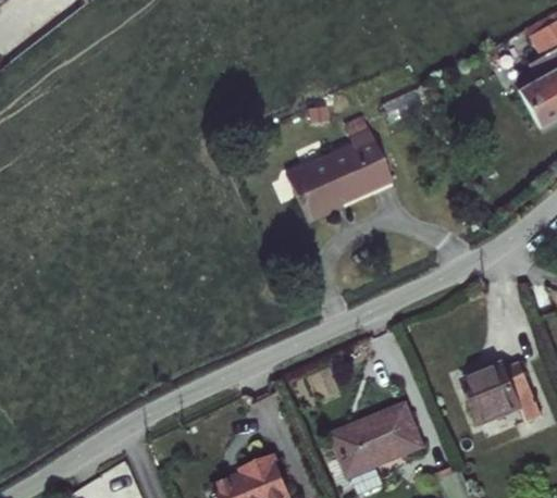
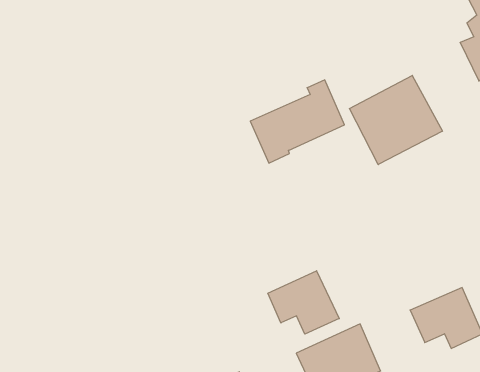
building: none -> [349,75,442,165]
building: none -> [268,271,339,334]

